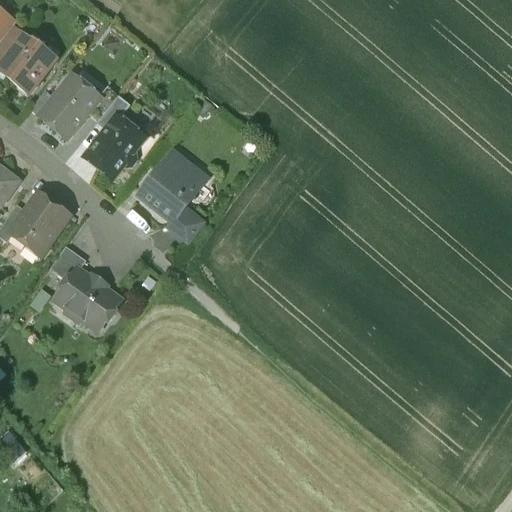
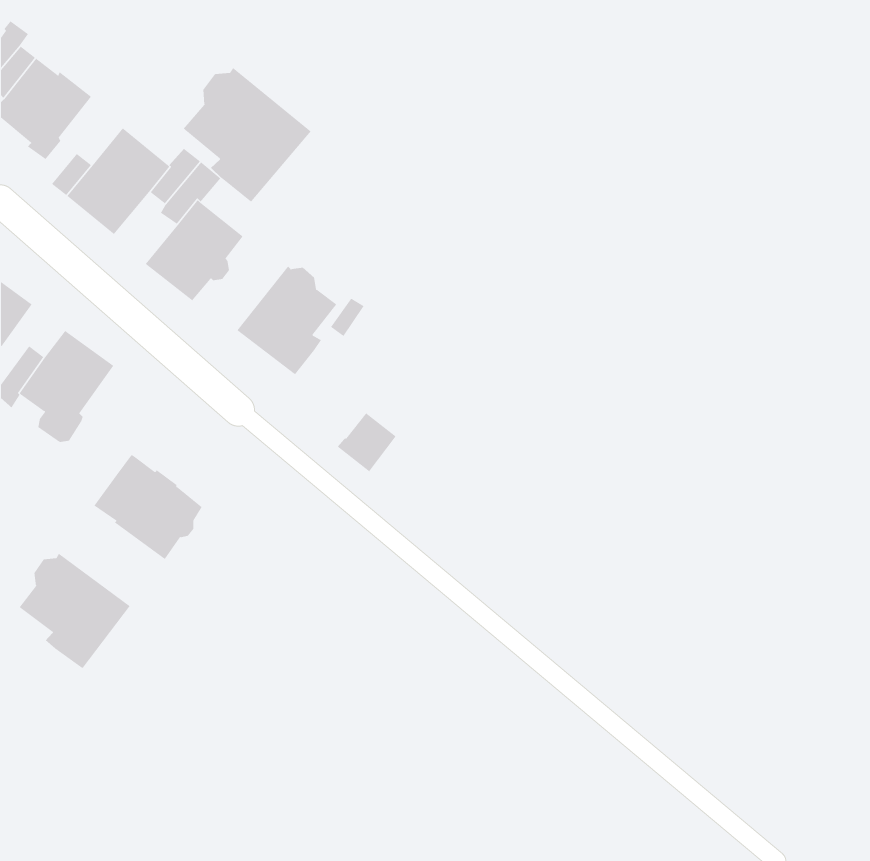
building: none -> [183,67,311,204]
building: [168,206,203,241] -> [337,413,397,472]
building: [50,245,86,279] -> none
building: none -> [19,553,131,670]

